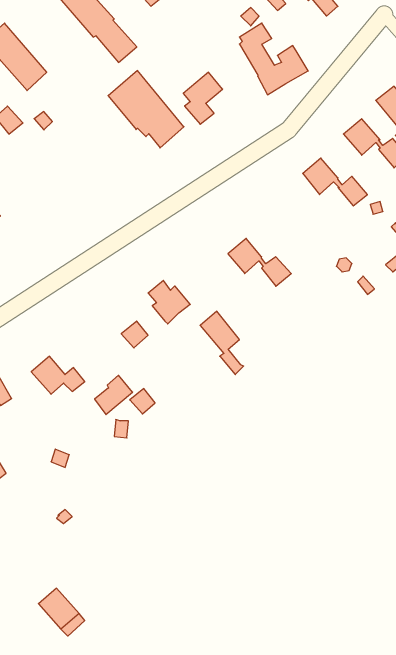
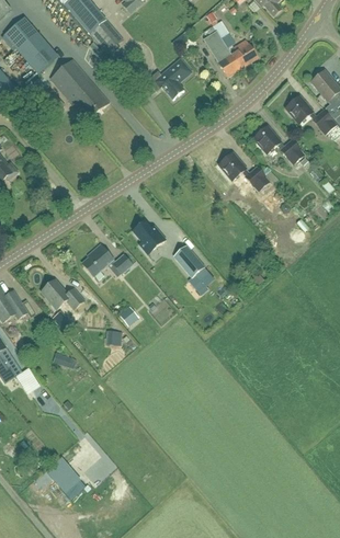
building: [108,71,184,148] -> [49,57,109,117]
building: [228,238,291,286] -> [218,152,268,190]
building: [95,375,133,415] -> [82,243,112,274]

